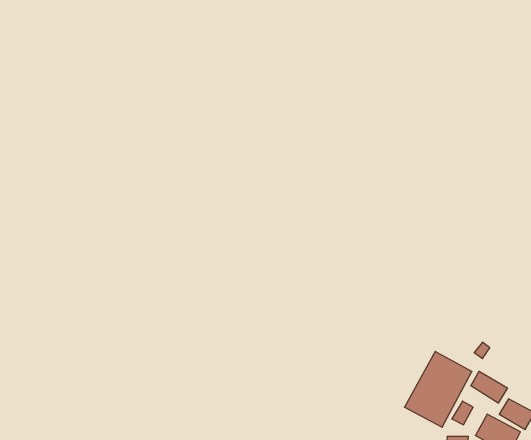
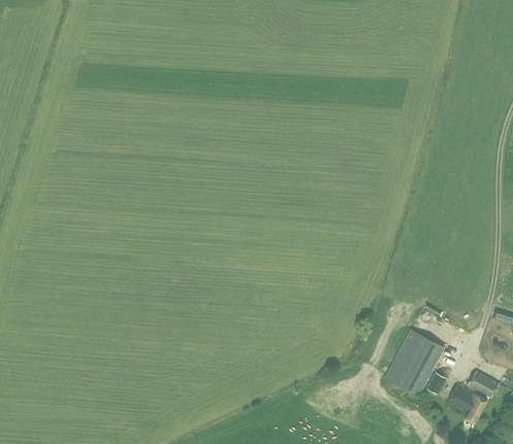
building: [471,371,507,403] -> none

